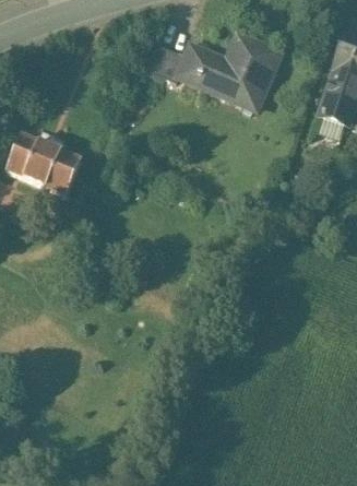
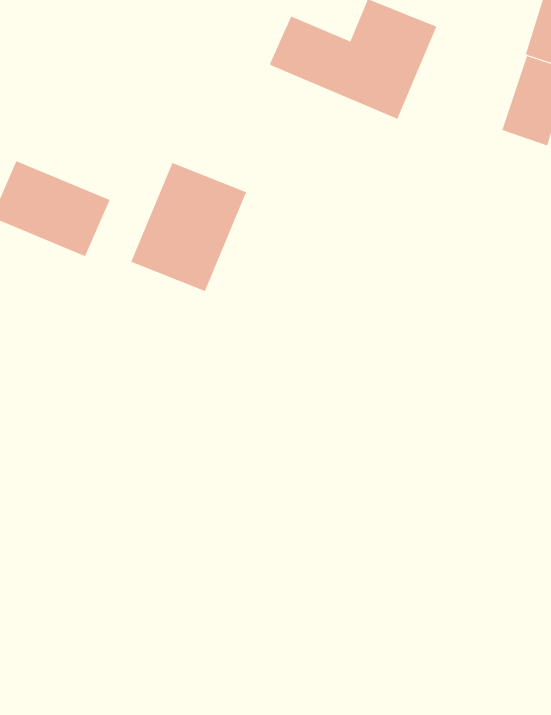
building: [144,44,186,82] -> none
building: none -> [131,162,247,292]

